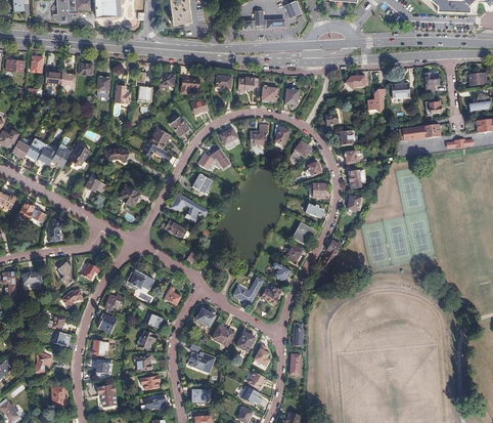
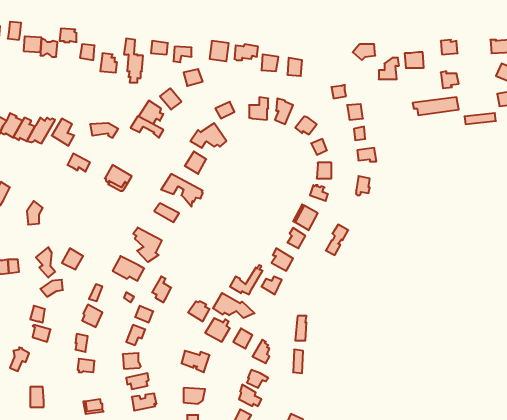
building: none -> [133,227,162,262]
building: none -> [213,293,255,318]

